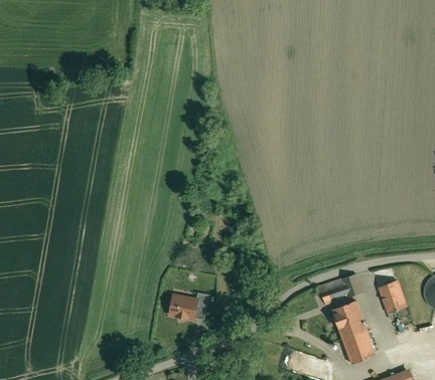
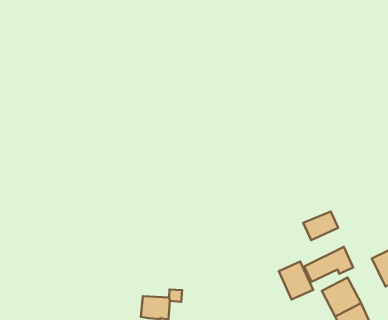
building: none -> [303,211,338,240]
building: none -> [279,261,313,300]

